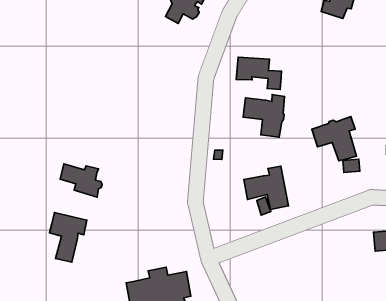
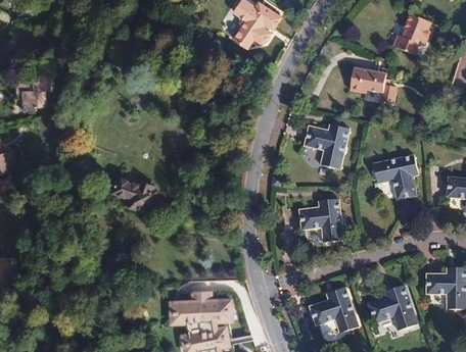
building: [236,57,282,89] -> [348,68,395,105]
building: [49,213,87,262] -> none
building: none -> [367,285,416,331]
building: none -> [309,288,358,333]

